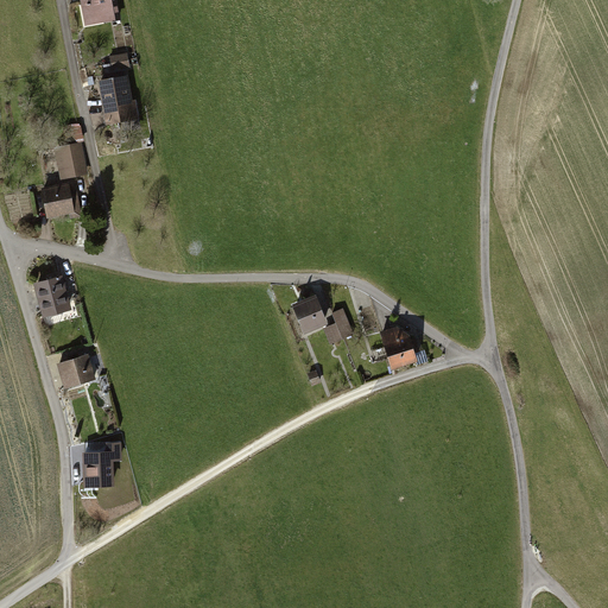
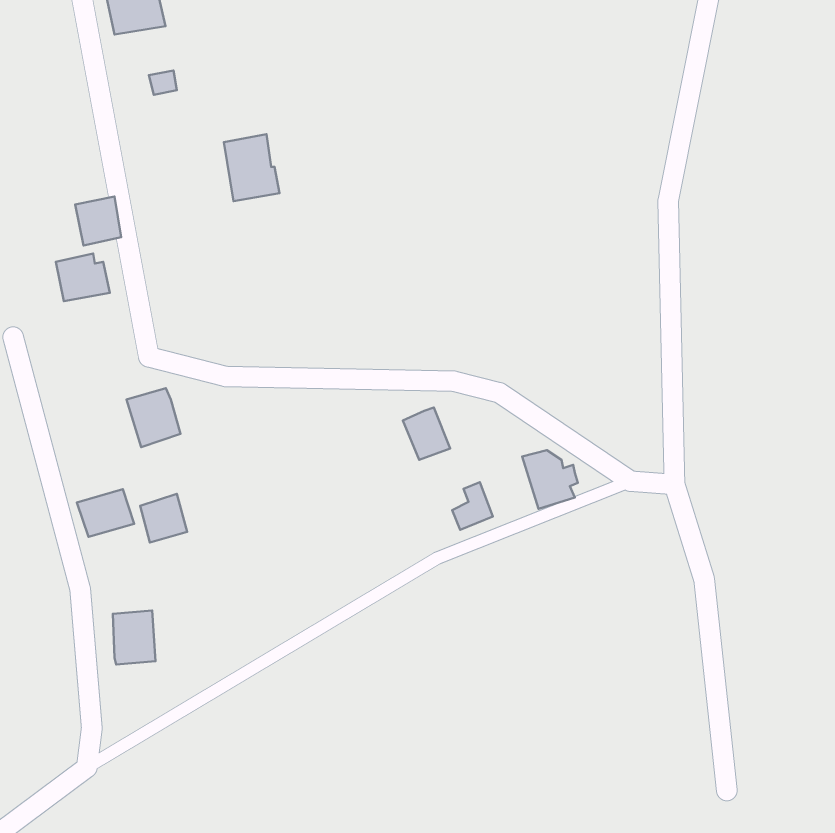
building: [97,75,138,124] -> [224,134,279,201]
building: [32,276,71,318] -> [127,388,181,447]
building: [323,308,353,342] -> [452,482,493,530]
building: none -> [140,494,187,543]

